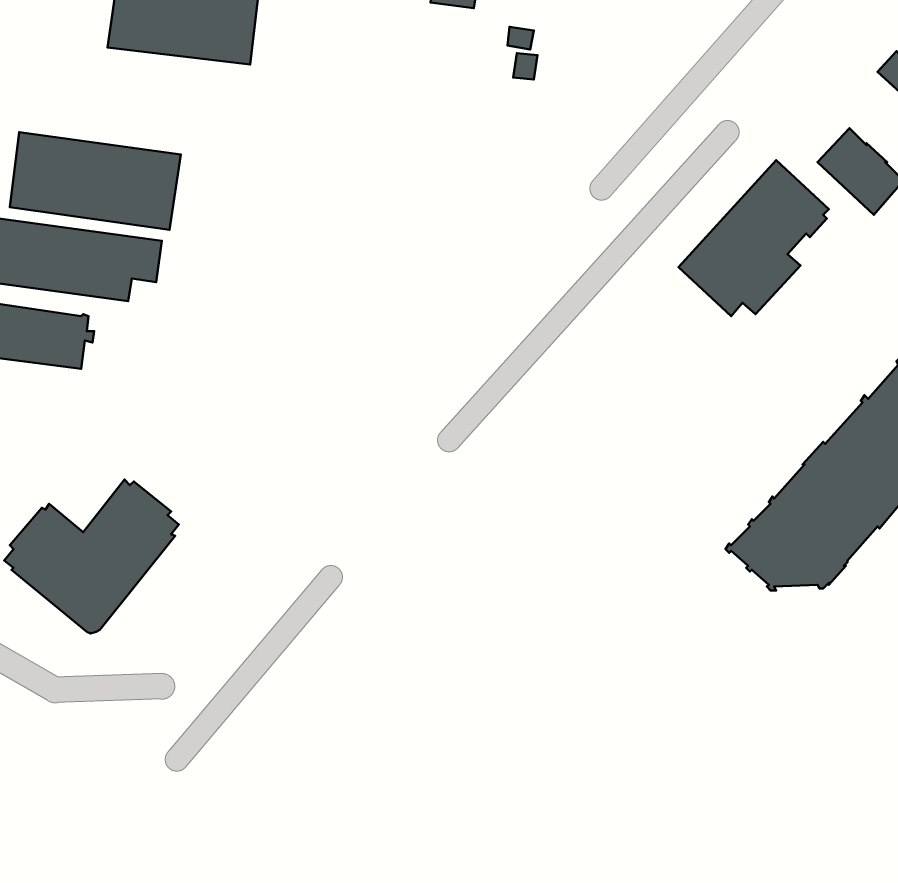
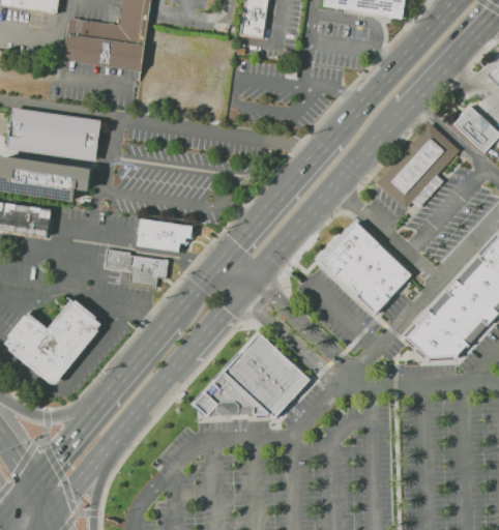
building: none -> [137,218,195,252]
building: none -> [318,223,411,314]
building: none -> [104,249,168,288]
building: none -> [193,332,310,418]

